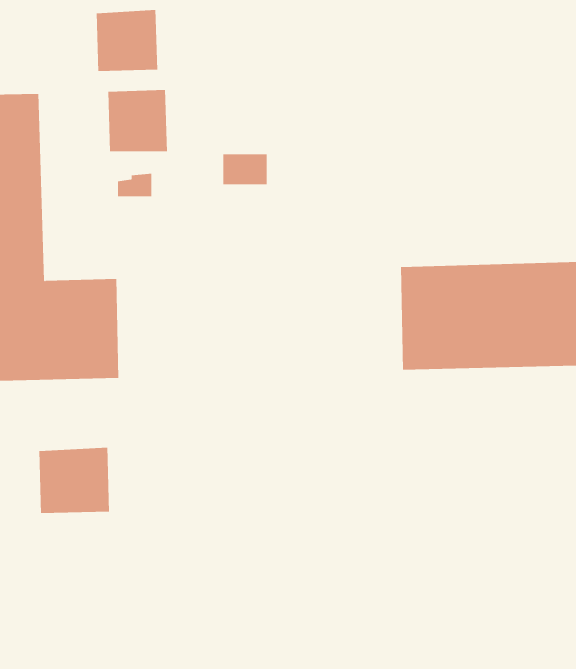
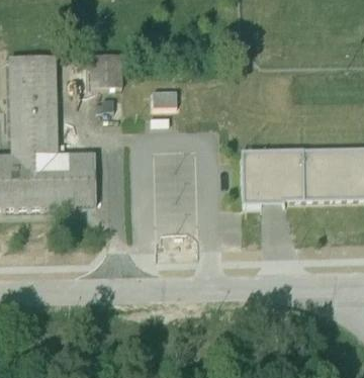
building: [96,9,158,72] -> none
building: [39,447,110,514] -> none

